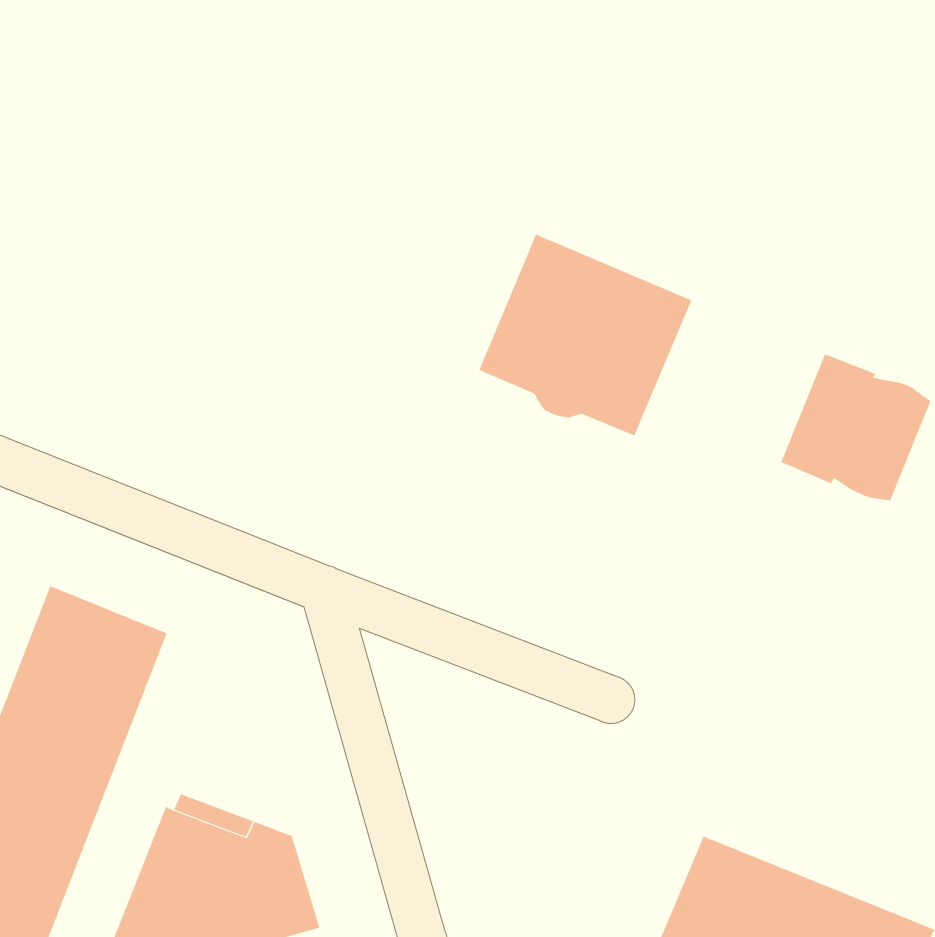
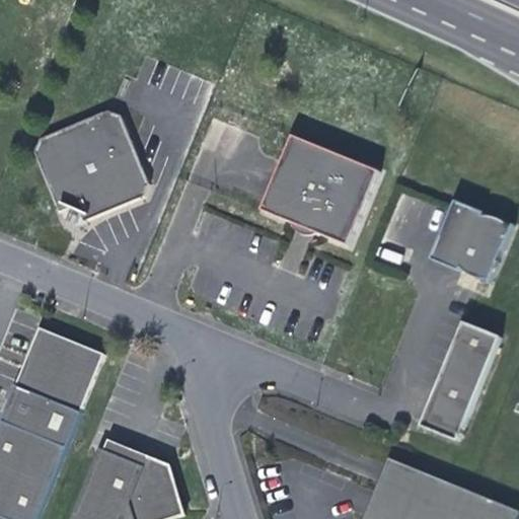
building: none -> [36,107,154,219]
building: none -> [422,317,503,437]

